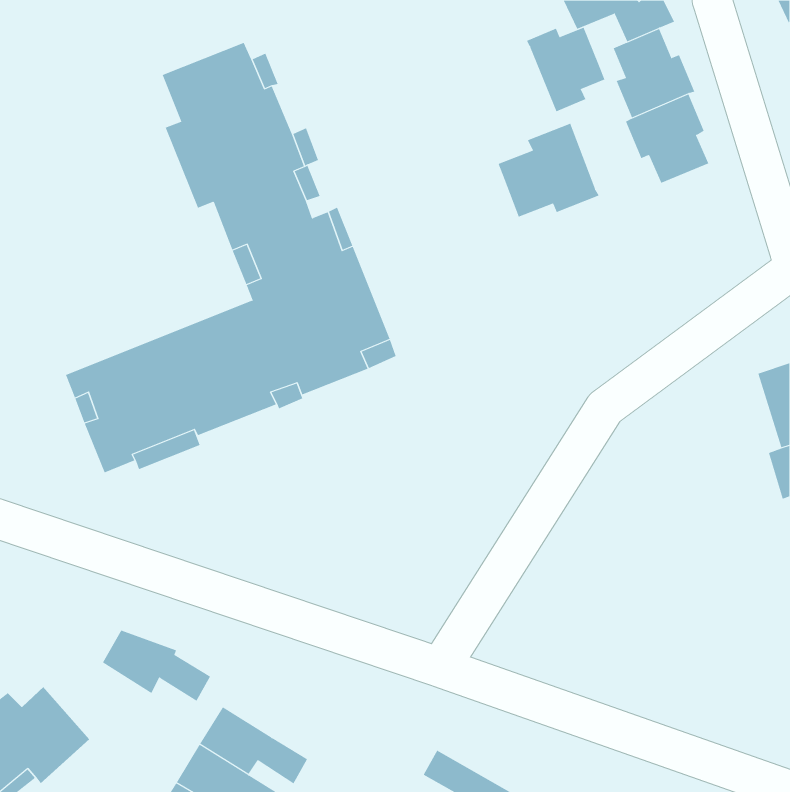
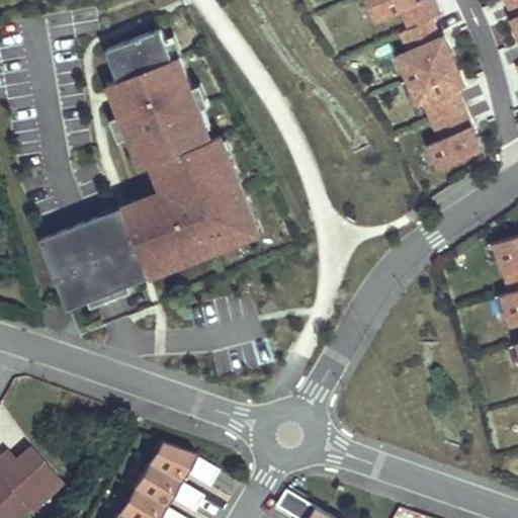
building: [526,27,605,112] -> none
building: [498,123,599,218] -> none
building: none -> [428,108,480,169]
building: [102,630,211,701] -> [145,440,215,487]

